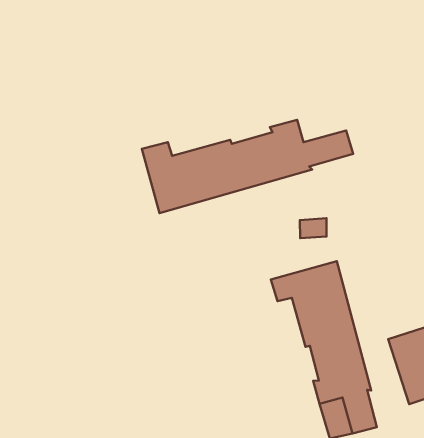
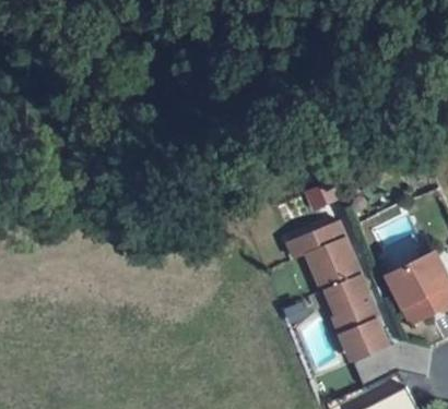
building: [142,120,353,213] -> none

